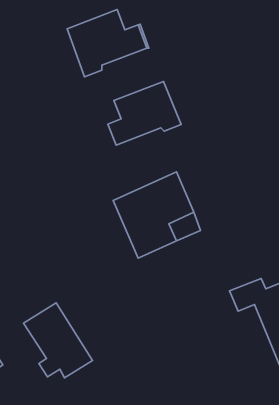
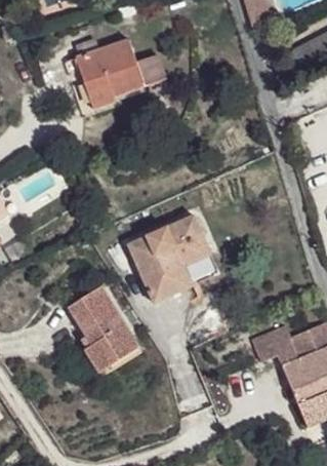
building: [108,81,181,145] -> none
building: [23,303,93,378] -> [66,284,139,364]

